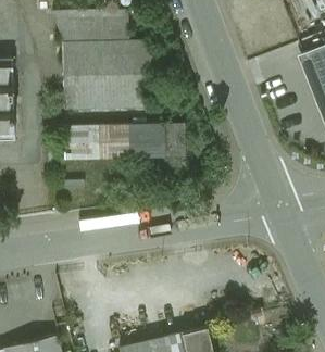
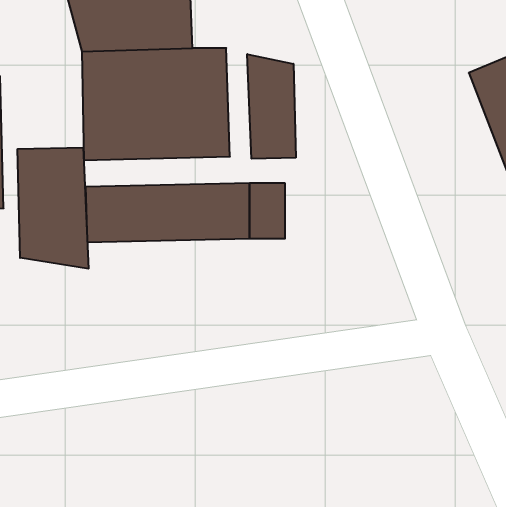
building: none -> [247,54,296,159]
building: none -> [18,148,88,269]

